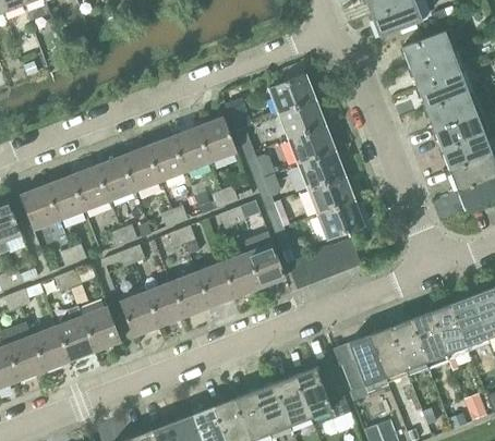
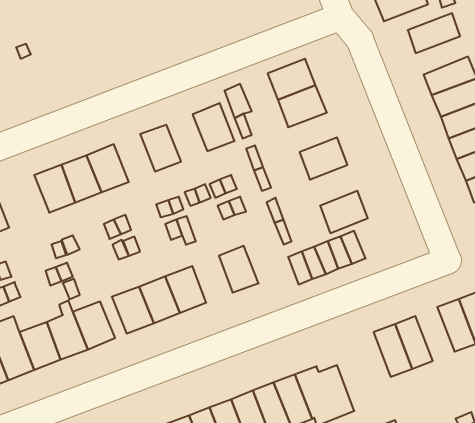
building: [410,52,460,89] -> none
building: [288,125,335,163] -> none
building: [171,127,210,172] -> none
building: [121,146,160,192] -> none
building: [309,175,354,215] -> none
building: [20,185,59,231] -> none
building: [241,232,286,289] -> none
building: [196,262,234,307] -> none
building: [410,311,447,363] -> none
building: [341,335,390,396] -> none

